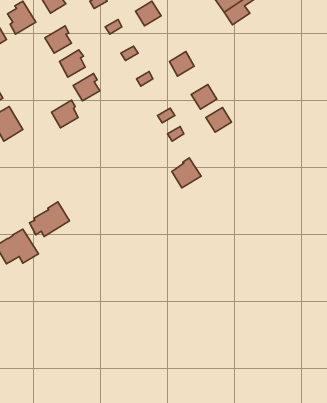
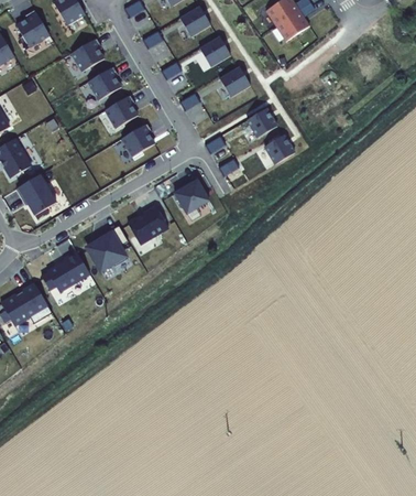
building: none -> [191,40,222,69]
building: [52,100,78,128] -> [113,126,145,159]
building: none -> [15,170,55,213]
building: [172,158,201,188] -> [177,180,212,216]
building: none -> [130,207,171,246]
building: none -> [90,226,131,271]

